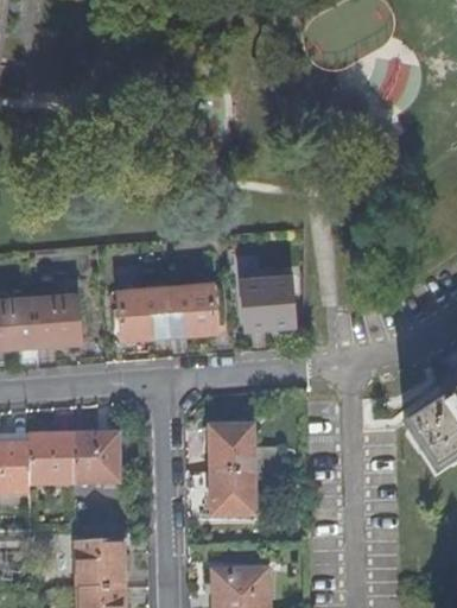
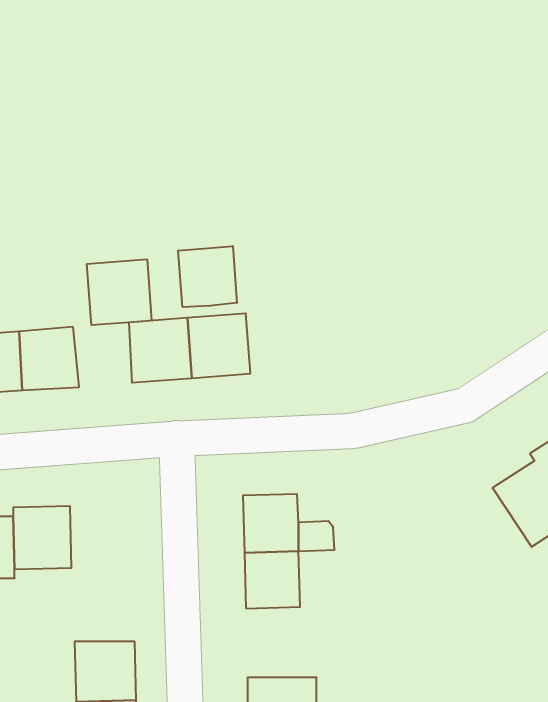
building: none -> [178,246,237,307]
building: none -> [87,259,152,325]
building: [241,277,292,328] -> none
building: [72,436,118,484] -> none

